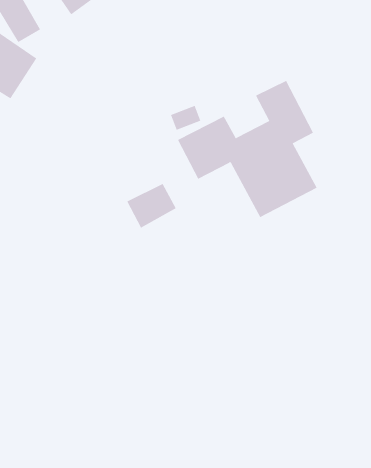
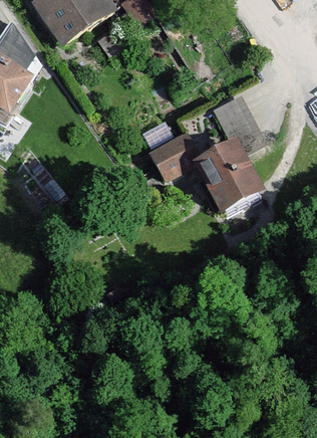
building: [127,183,176,228] -> none

